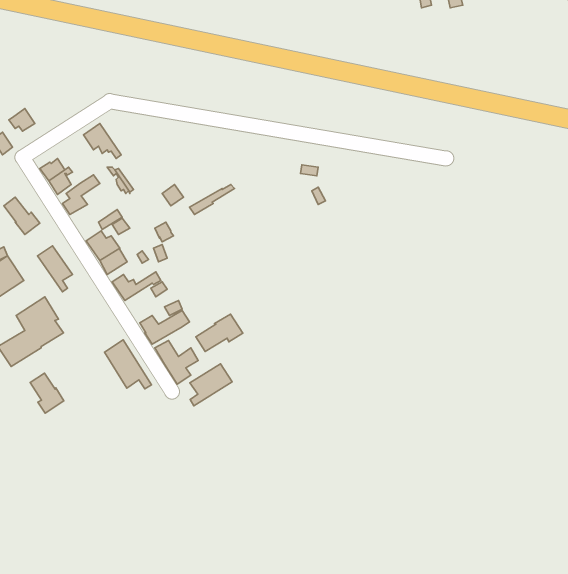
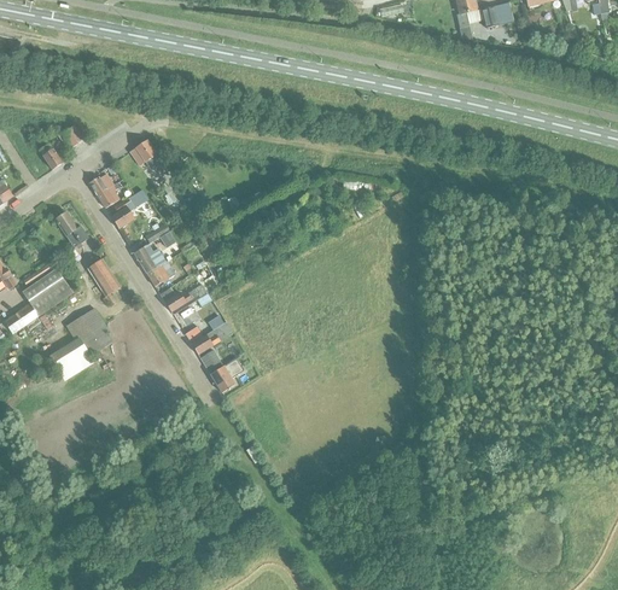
building: [196,314,243,351] -> none
building: [104,340,151,389] -> none
building: [190,364,232,406] -> none
building: [30,373,64,413] -> none

